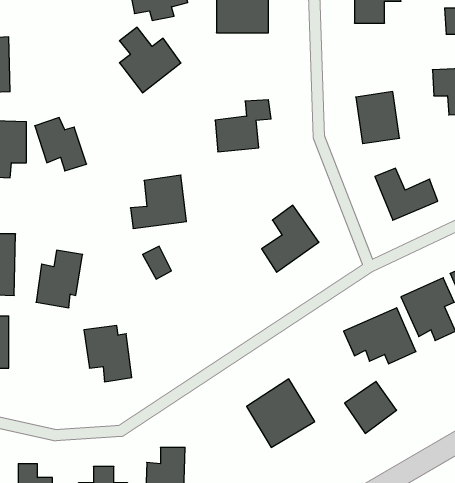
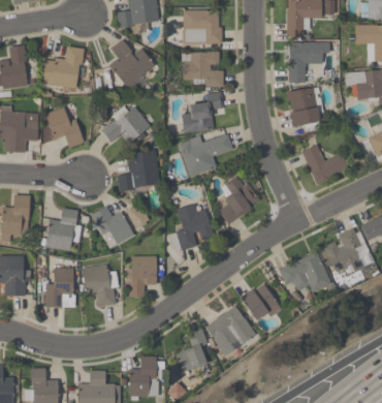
building: none -> [287,41,328,82]
building: none -> [43,45,83,88]
building: none -> [183,52,222,86]
building: none -> [100,103,151,143]
building: none -> [178,134,232,176]
building: none -> [172,204,212,250]
building: none -> [90,205,134,248]
building: none -> [128,254,157,296]
building: none -> [45,268,74,307]
building: [345,381,397,433] -> [241,281,280,320]
building: none -> [173,329,208,373]

